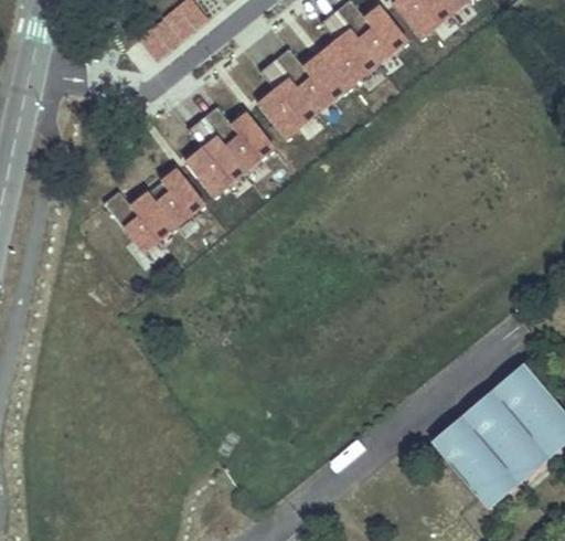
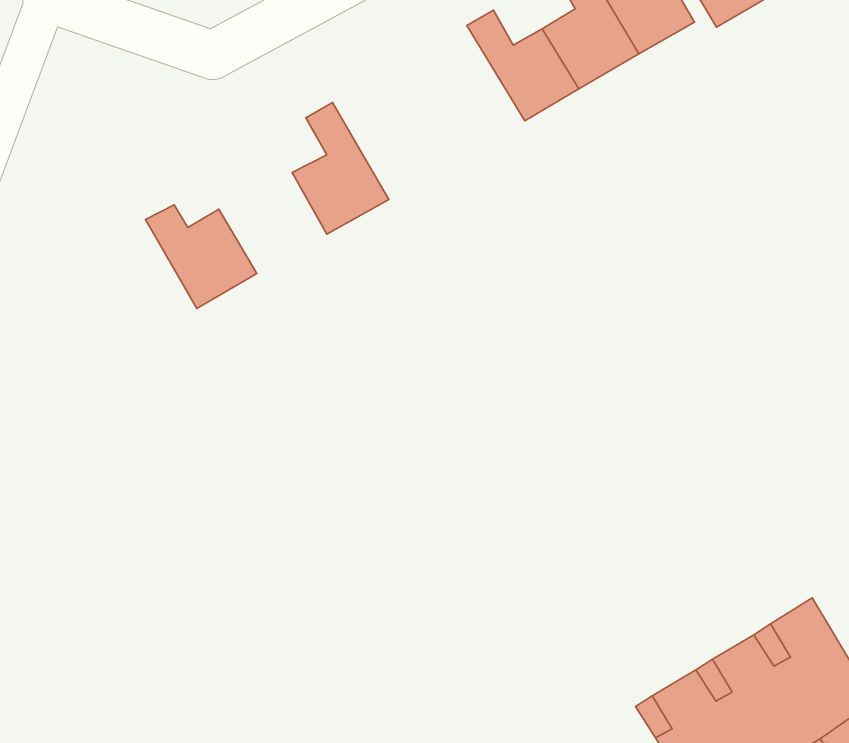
building: [258,61,318,138] -> none
building: [204,106,275,169] -> none
building: [147,166,203,223] -> none

